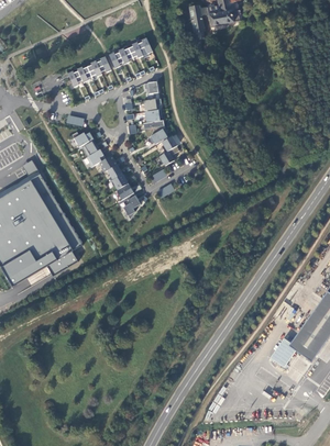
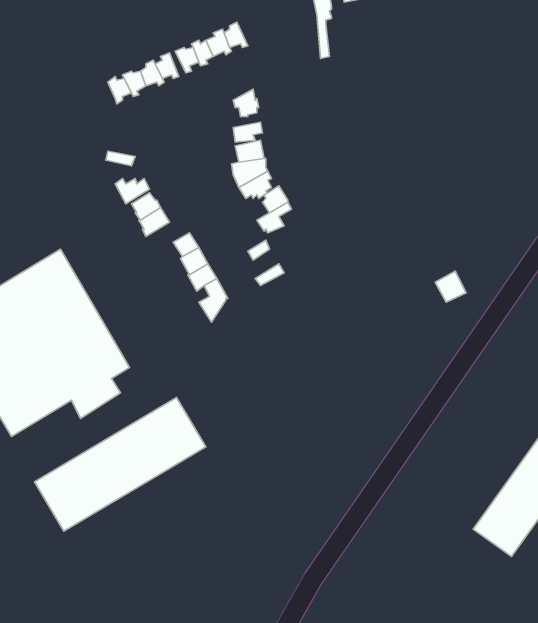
building: none -> [35,397,206,531]

